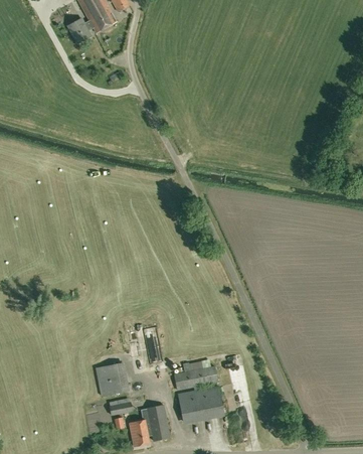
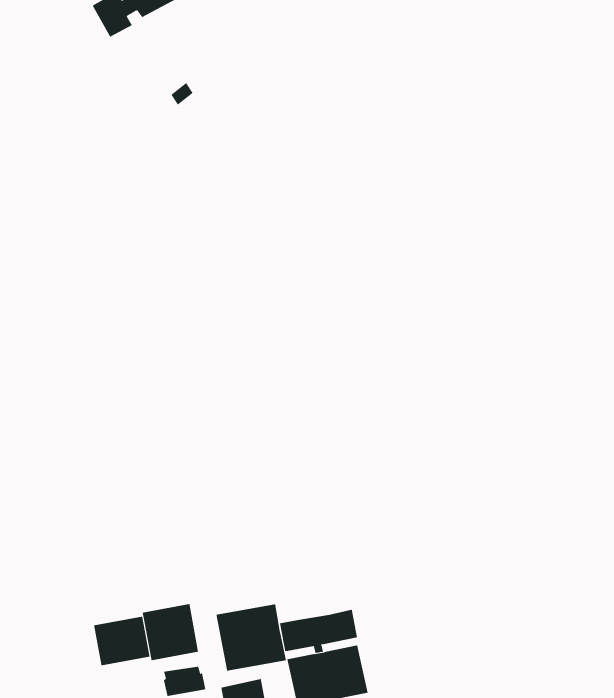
building: none -> [216,604,287,672]
building: none -> [93,616,150,666]

